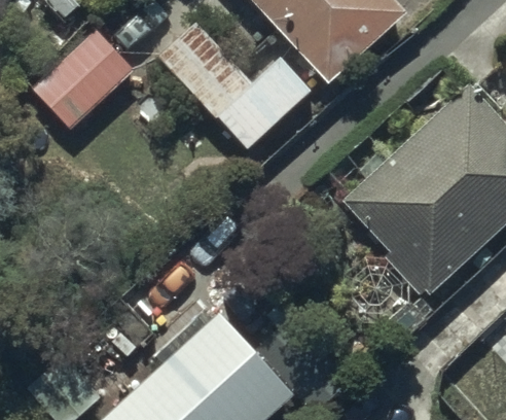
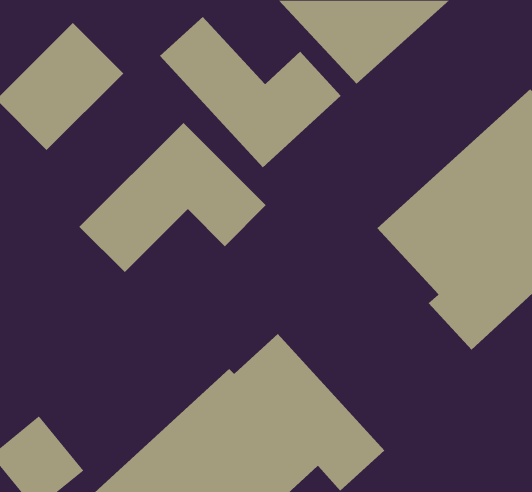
building: none -> [79,122,267,273]

